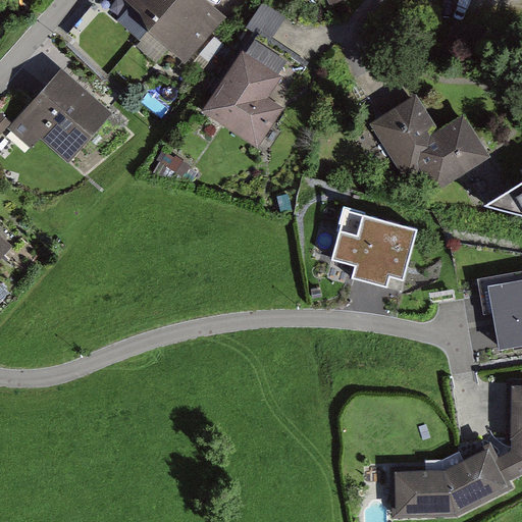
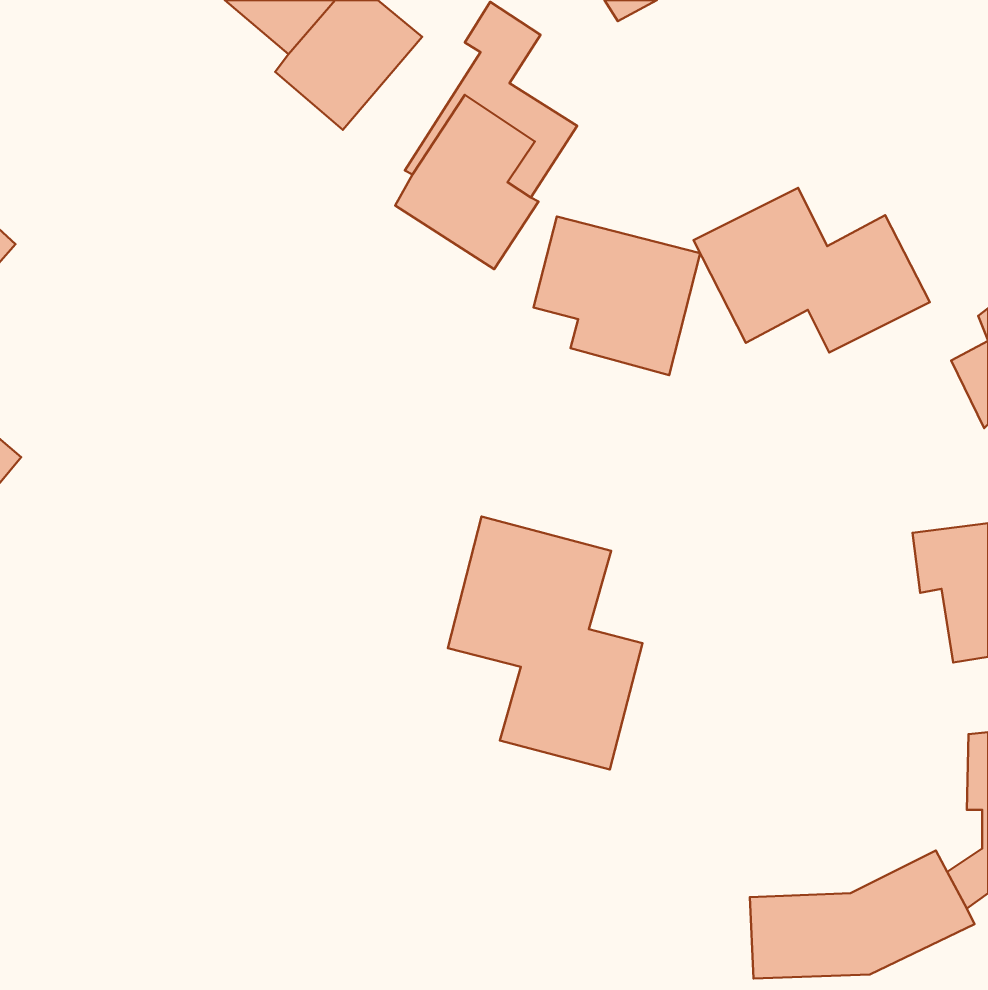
building: [15,74,109,162] -> none
building: [334,210,422,294] -> [534,216,700,375]
building: none -> [448,517,642,770]

